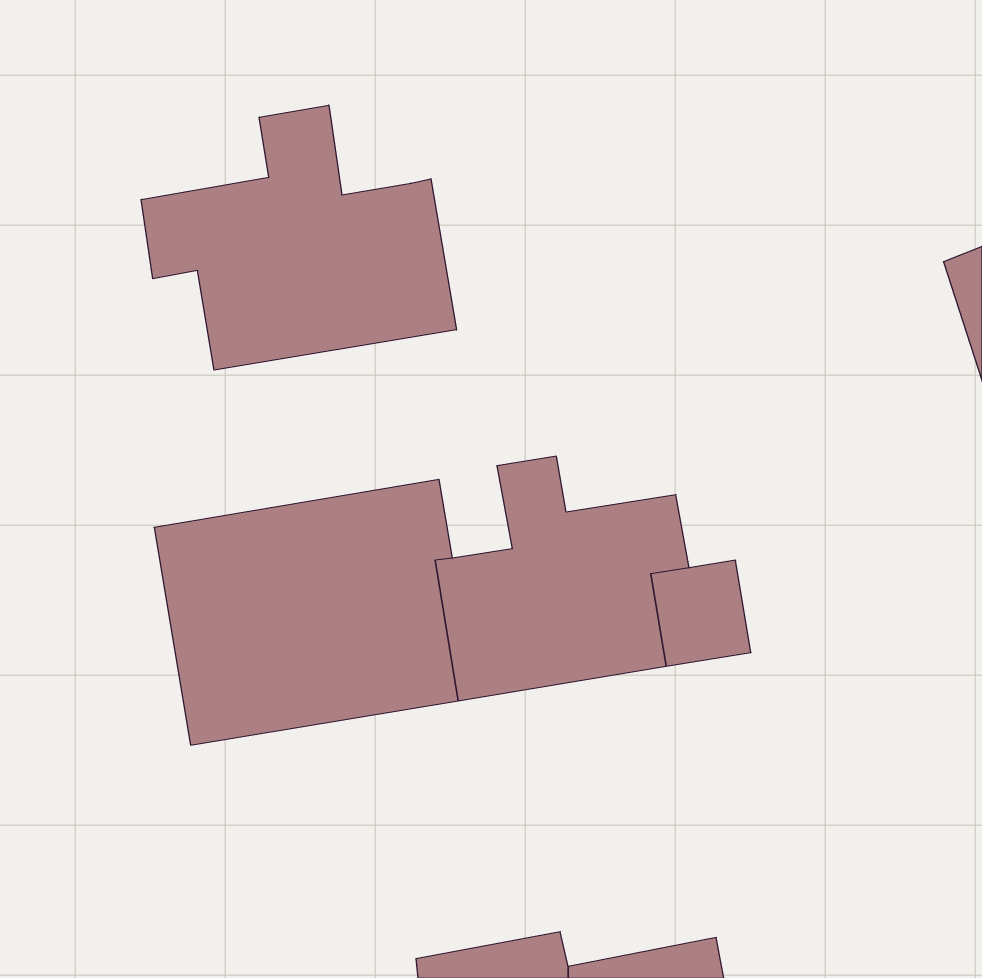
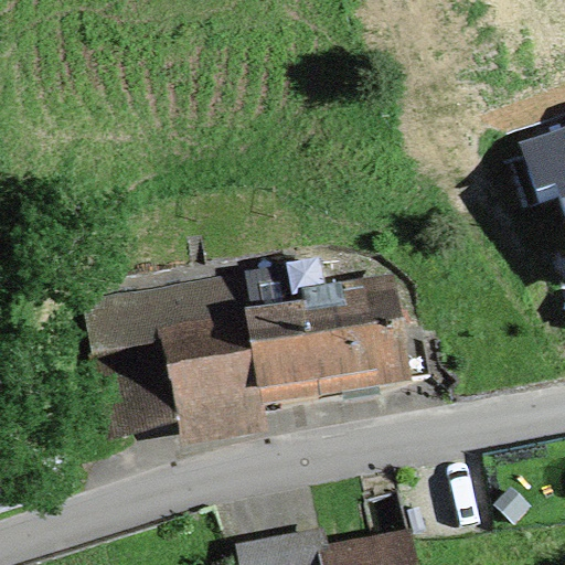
building: [141,105,456,370] -> none

